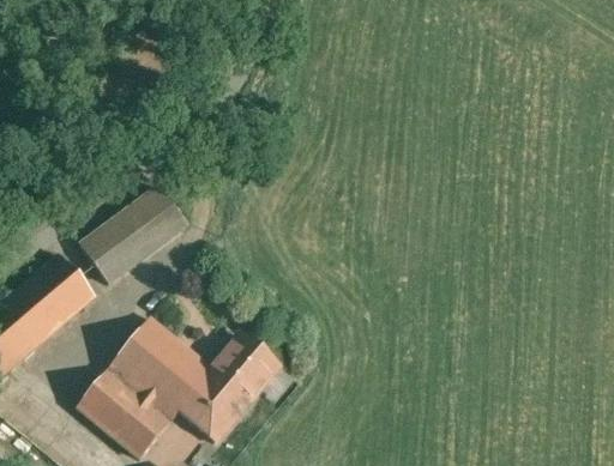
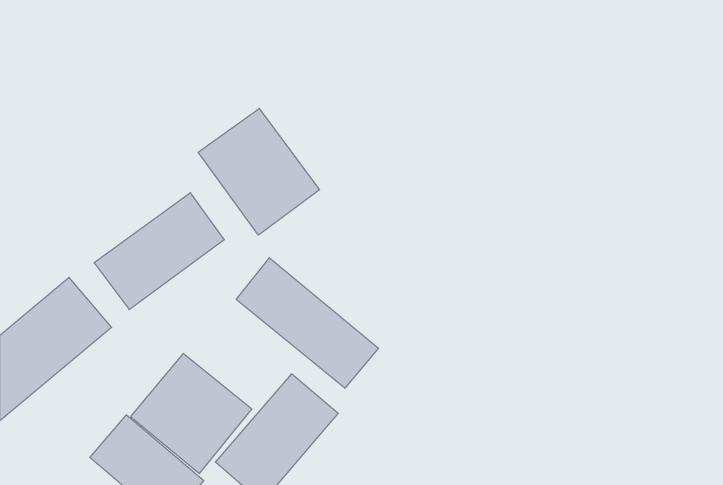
building: none -> [198,108,320,235]
building: none -> [236,258,379,388]

